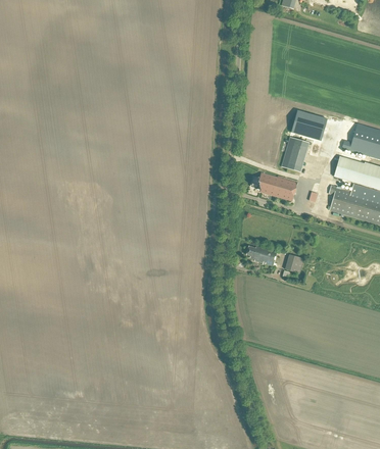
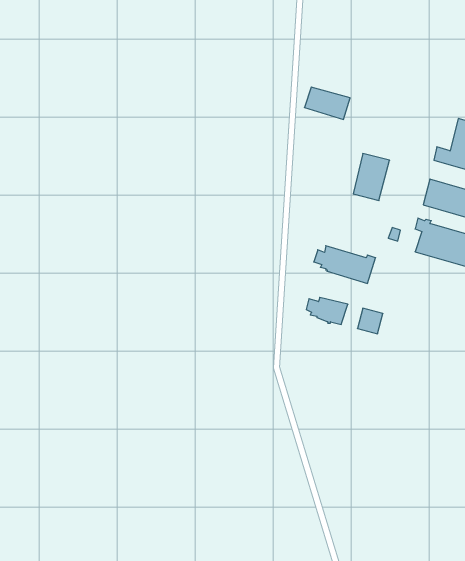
building: [292,113,327,138] -> [304,87,350,119]
building: [251,172,298,201] -> [314,246,376,283]

